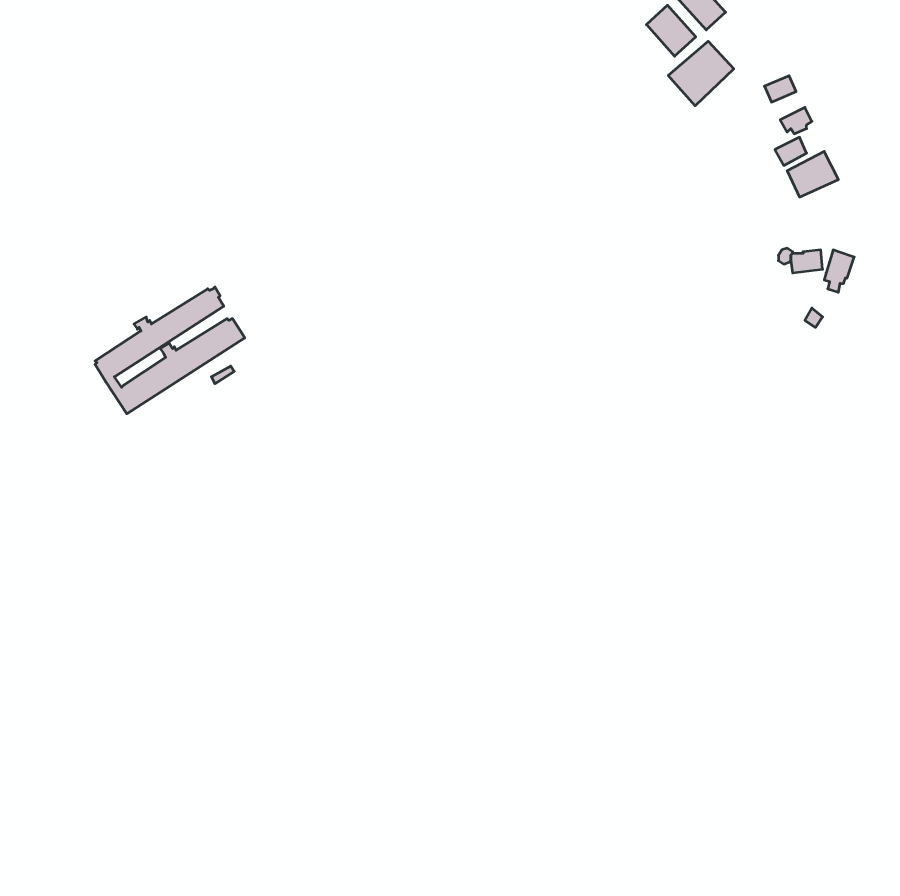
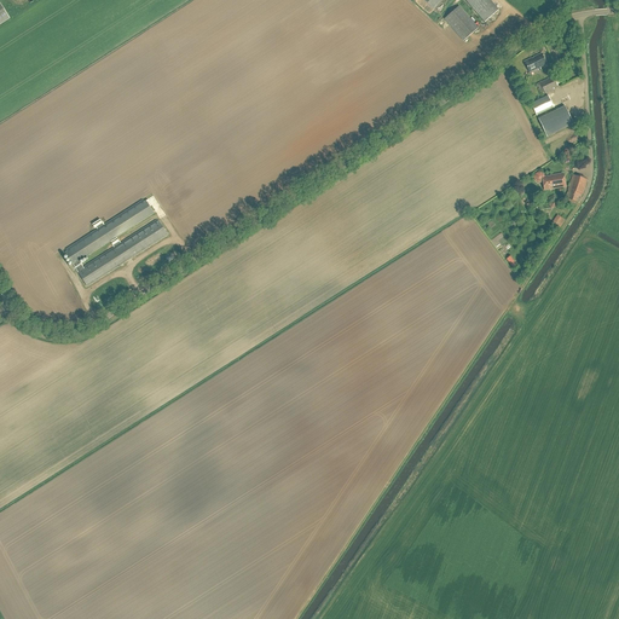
building: [668,41,734,106] -> none

